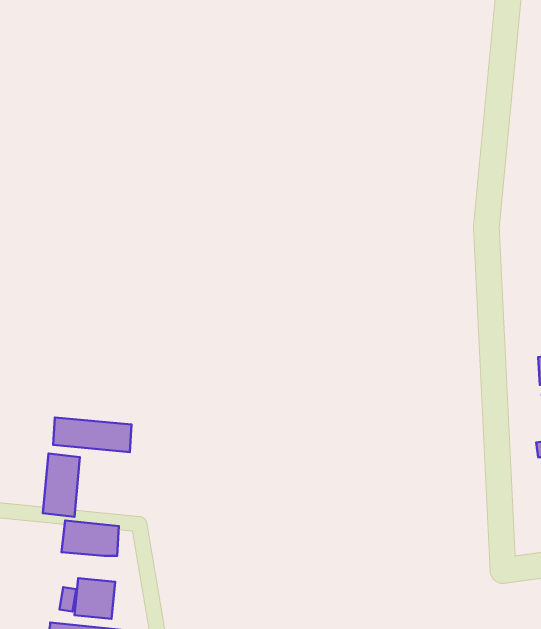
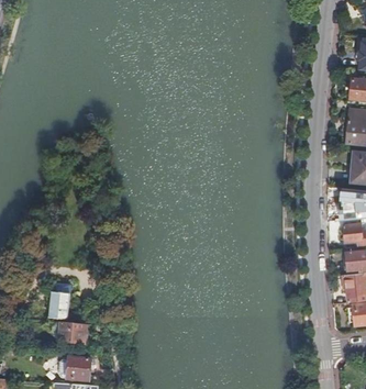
building: [53,417,132,452] -> none

